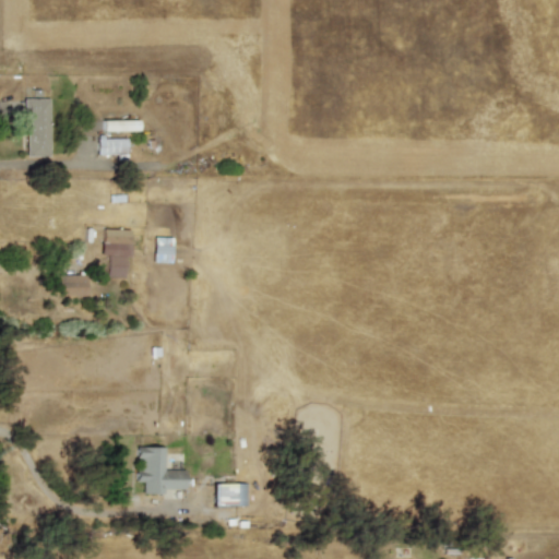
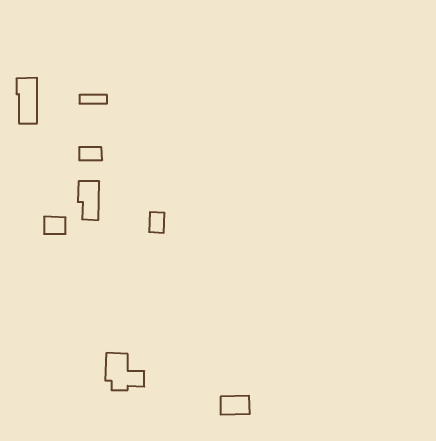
building: [102,138,131,154] -> [79,147,102,160]
building: [156,237,176,263] -> [149,212,165,233]
building: [216,483,253,507] -> [221,396,250,415]

